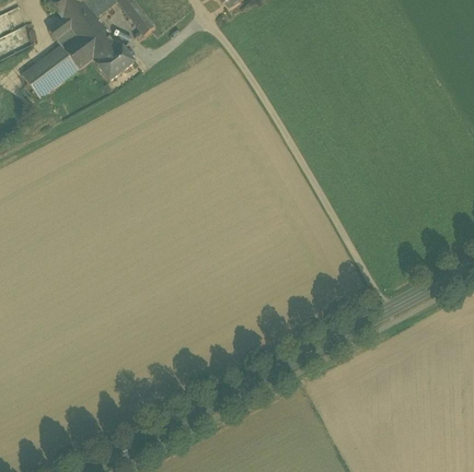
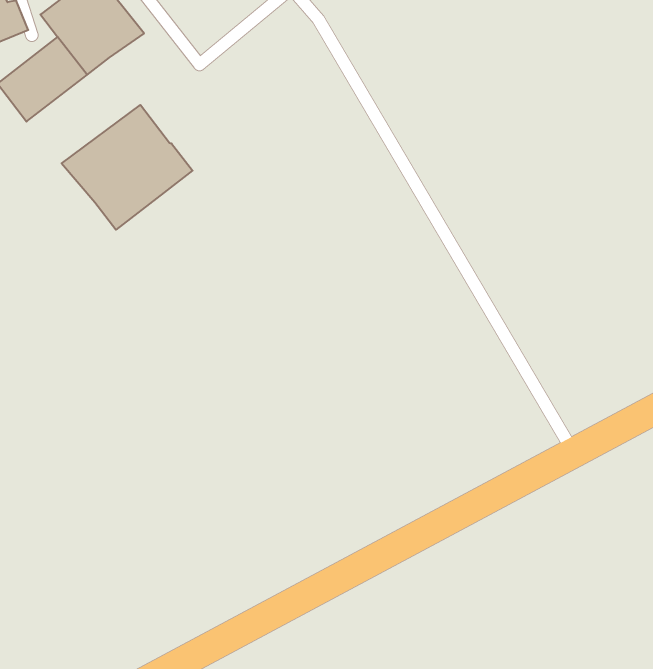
building: [92,42,134,80] -> none
building: none -> [62,105,193,230]

